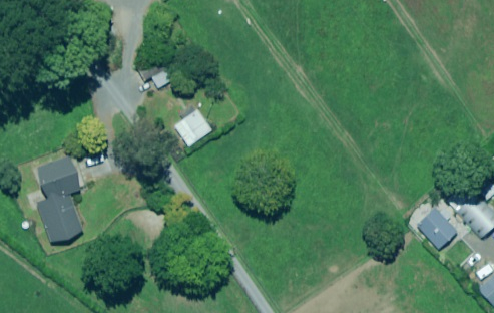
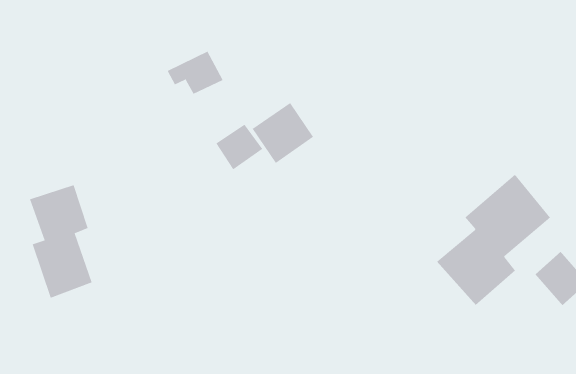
building: none -> [252,102,314,164]
building: none -> [436,174,551,306]

